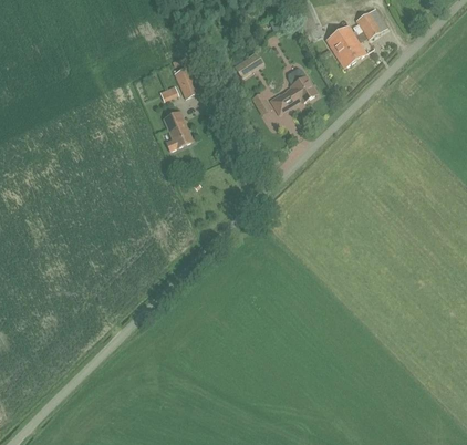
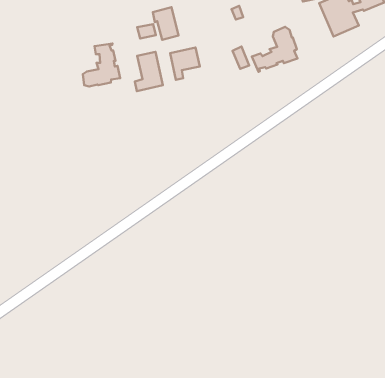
building: none -> [170,48,200,80]
building: none -> [83,43,120,87]

